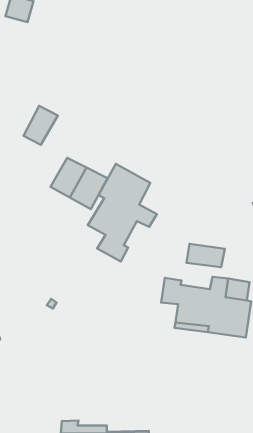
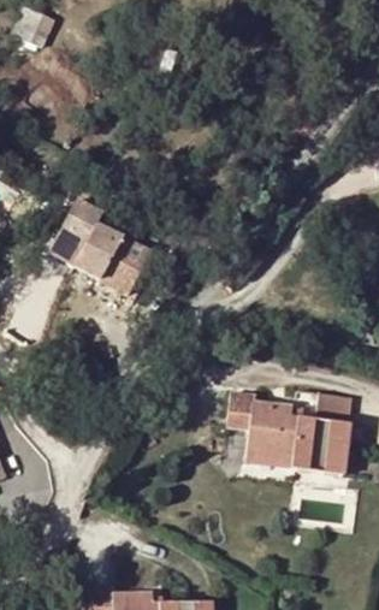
building: [23,106,58,145] -> [52,215,99,268]
building: [88,164,157,261] -> none
building: [186,244,225,267] -> none

